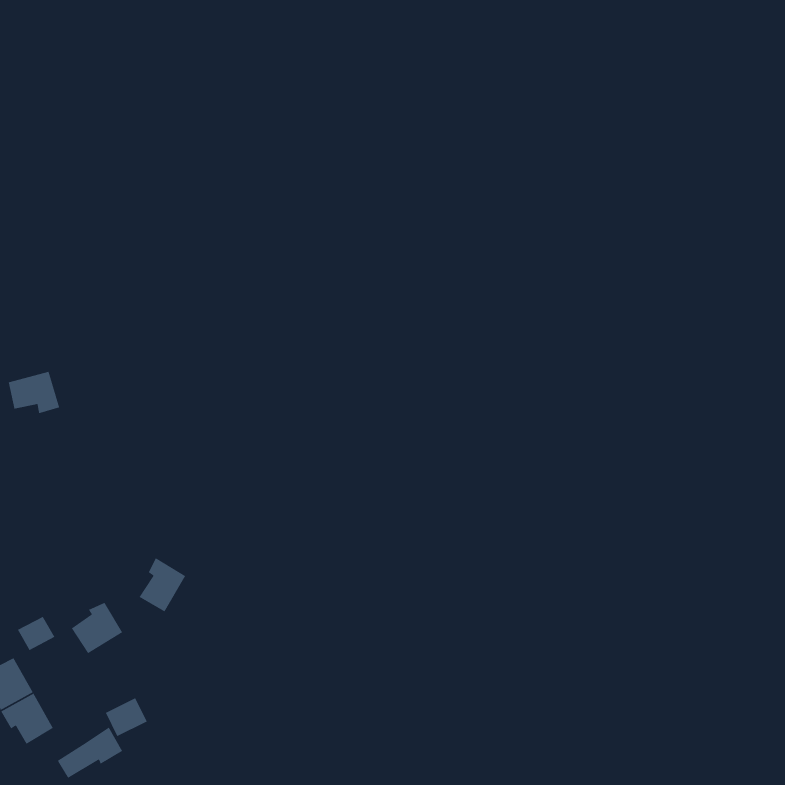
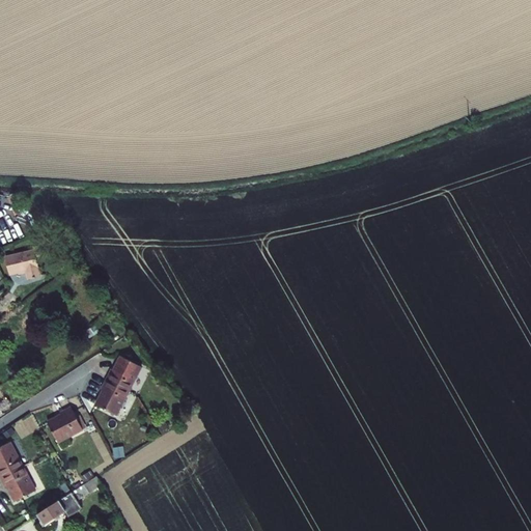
building: none -> [105,354,140,389]

